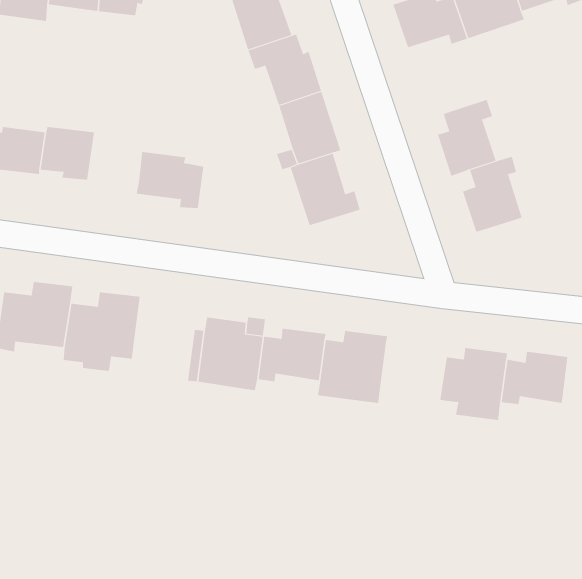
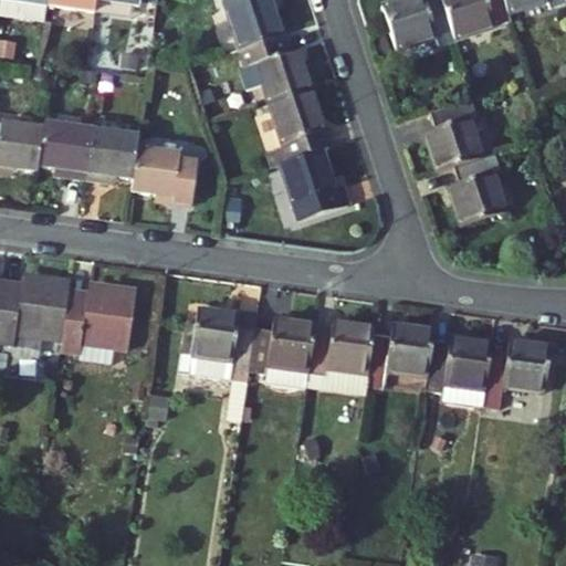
building: none -> [85,128,139,178]
building: none -> [369,324,433,377]

